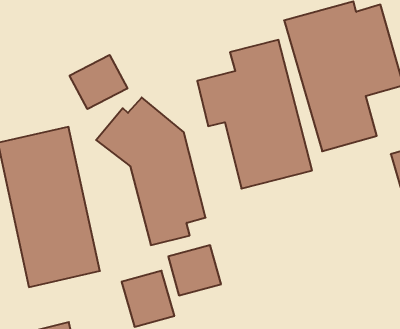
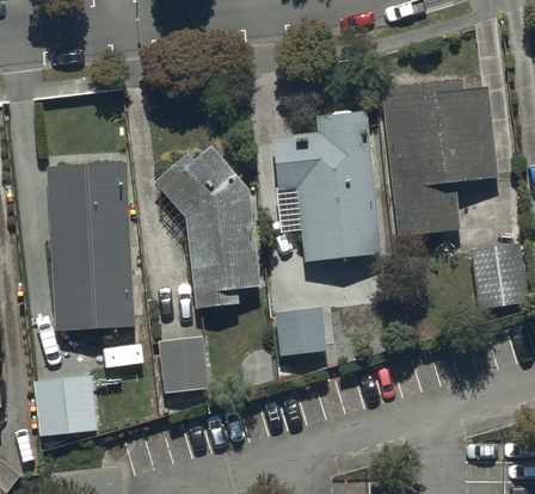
building: [70,55,127,109] -> none
building: [168,245,221,295] -> [275,307,327,356]

